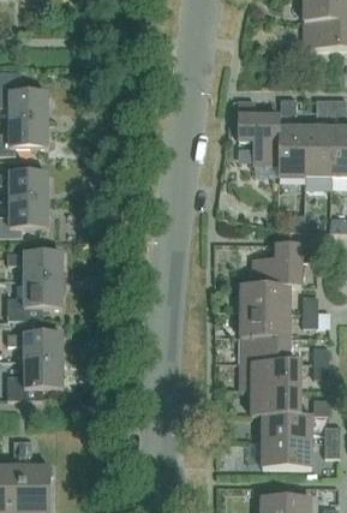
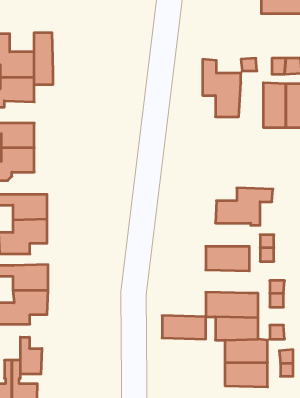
building: none -> [34,33,53,85]
building: [277,125,305,175] -> none
building: [240,284,291,310] -> none
building: [240,336,289,363] -> [162,316,206,339]
building: none -> [20,337,42,374]

